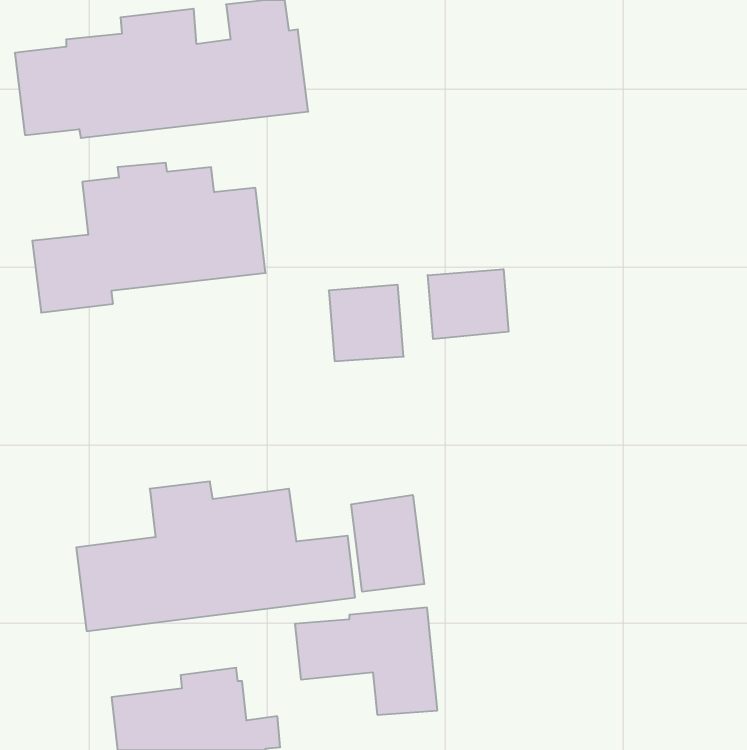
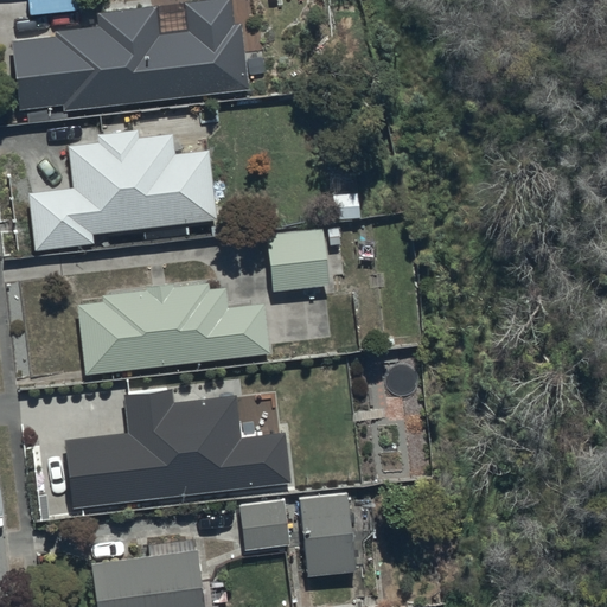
building: [428,269,508,339] -> none
building: none -> [78,283,269,375]
building: [351,495,424,592] -> none

